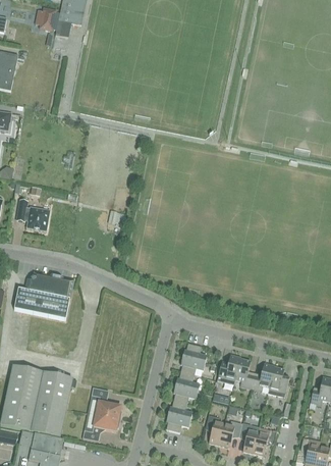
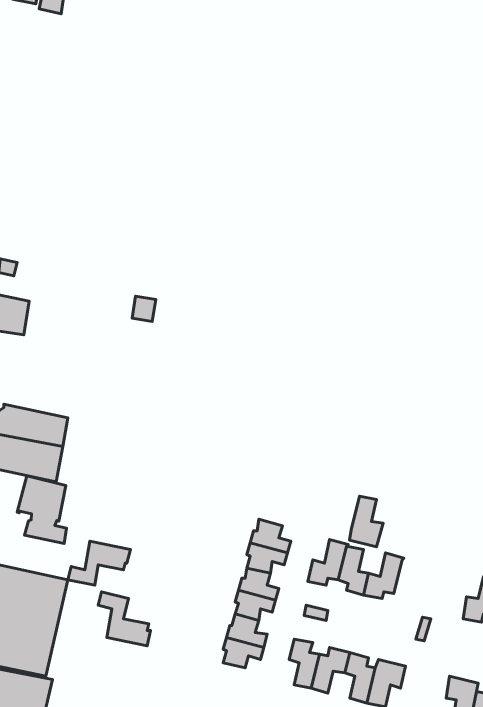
building: none -> [17,476,66,543]
building: [268,367,288,398] -> [350,496,383,547]
building: [82,414,120,441] -> [68,541,130,585]

